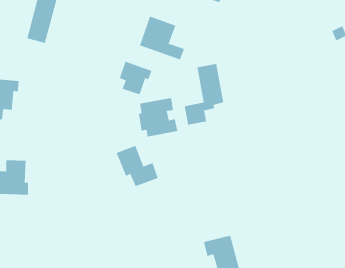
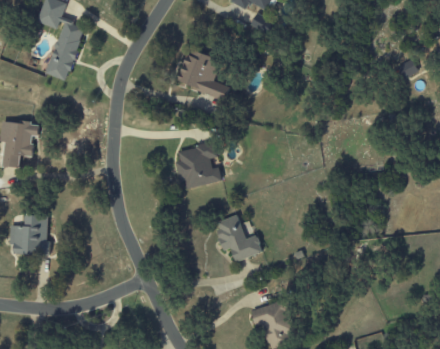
building: [119,61,152,95] -> none
building: [184,63,224,125] -> none
building: [116,145,158,187] -> [214,214,263,262]

